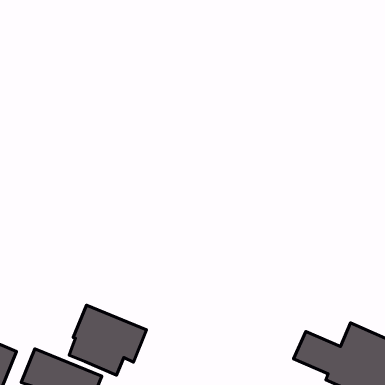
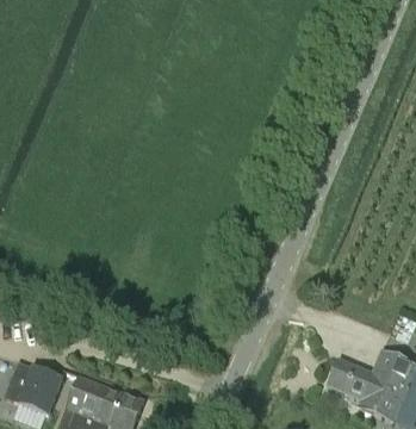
building: [69,305,146,375] -> none

